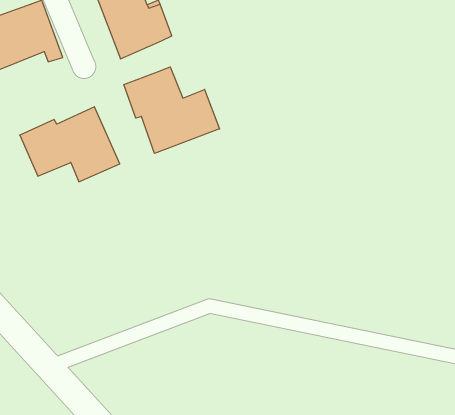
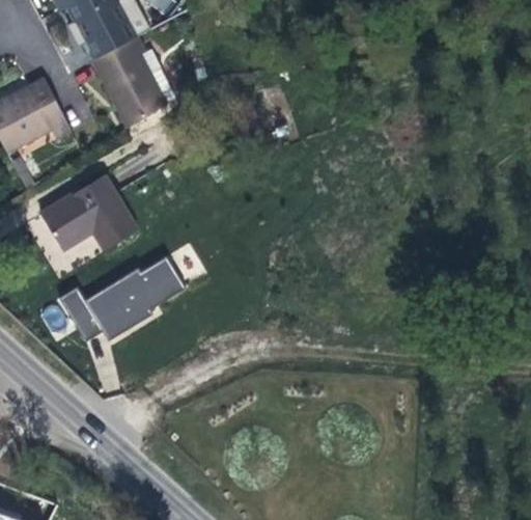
building: [124,67,220,153] -> none
building: none -> [59,256,186,340]

